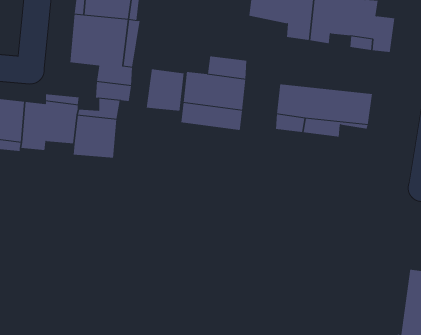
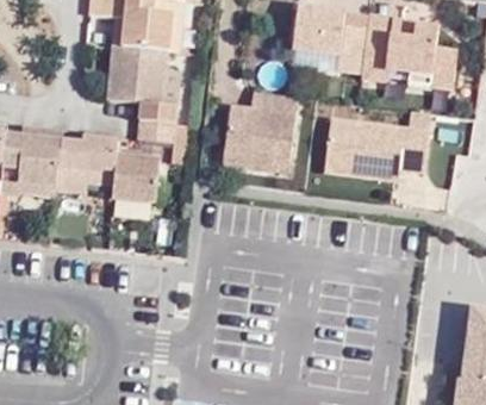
building: [146,69,184,112] -> none

